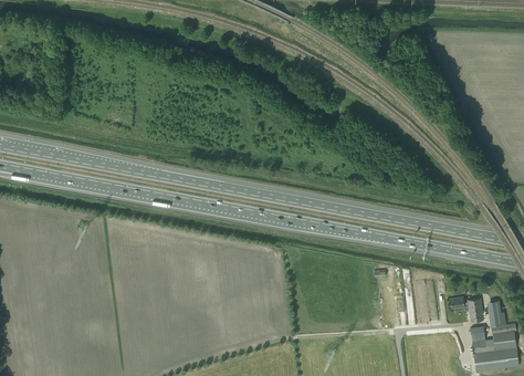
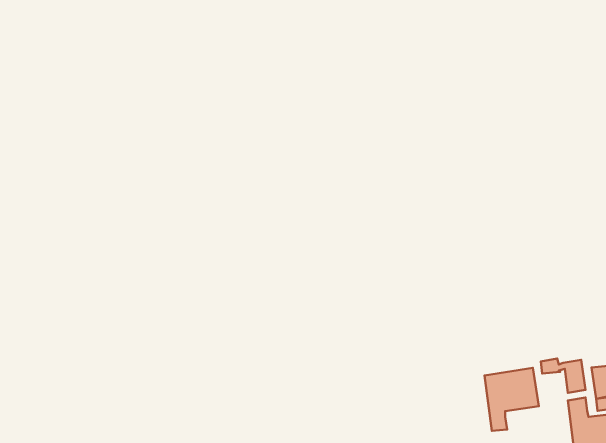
building: none -> [485,368,539,431]

